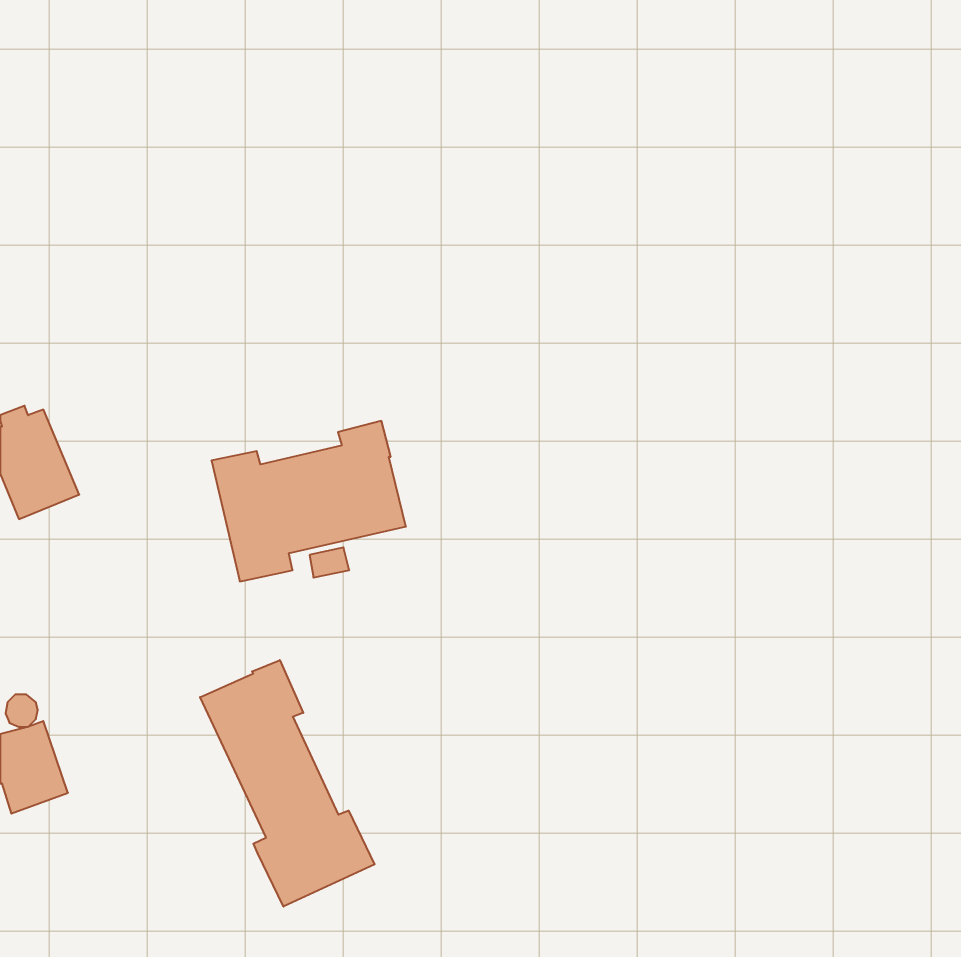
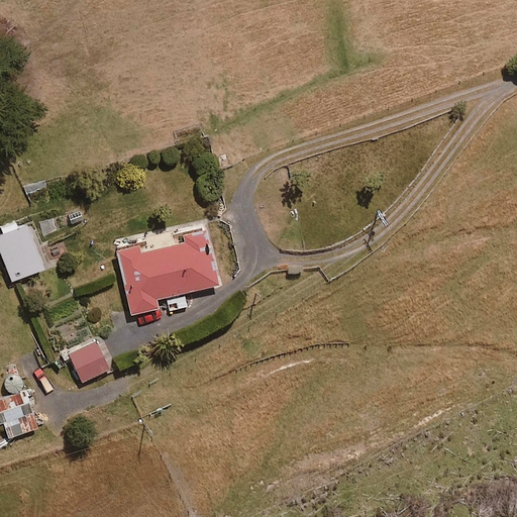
building: none -> [69,342,110,384]
building: [200,660,375,907] -> none

